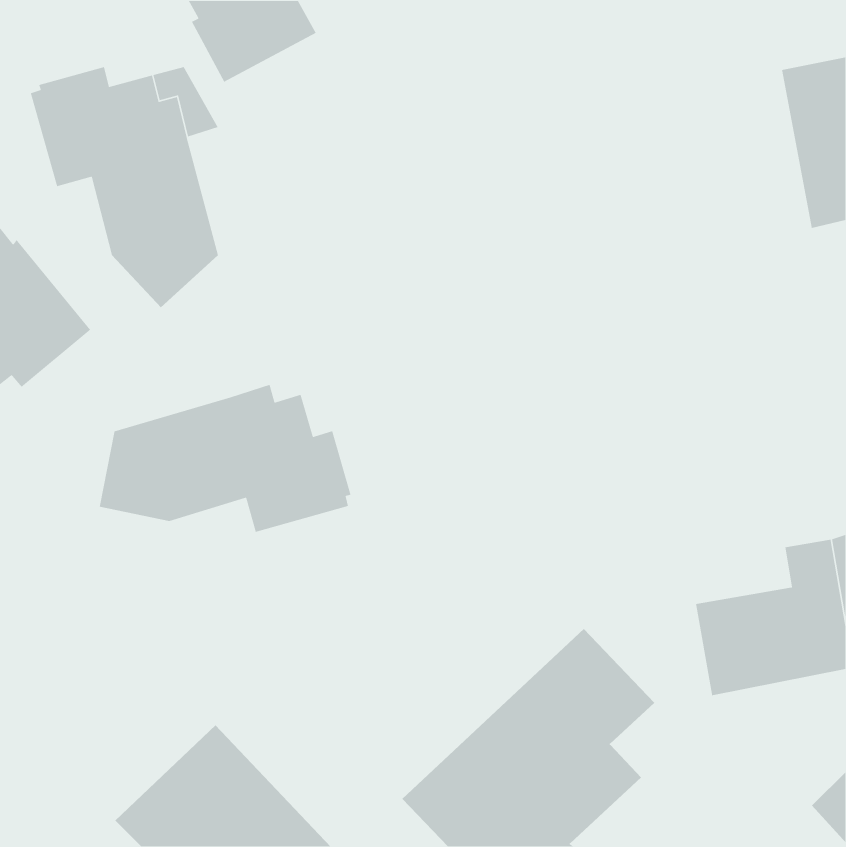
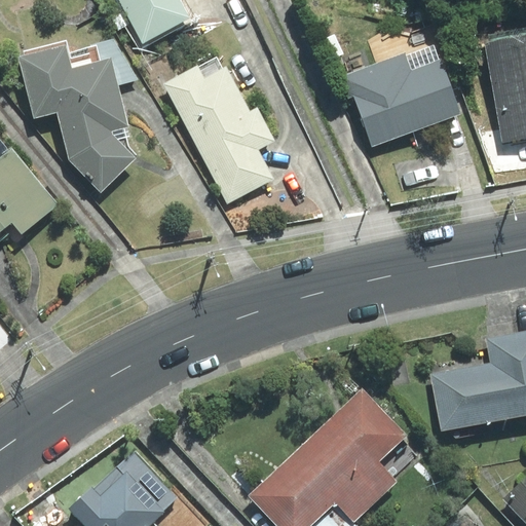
building: none -> [340,44,459,146]
building: none -> [163,57,271,204]
building: [99,384,352,533] -> none

